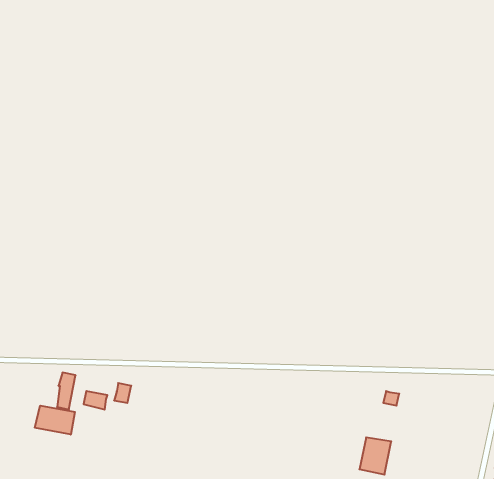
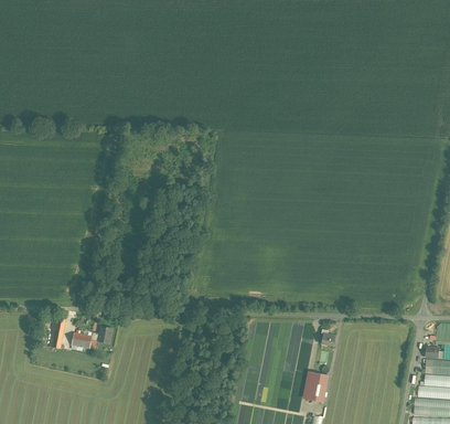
building: [35,406,75,435] -> none

